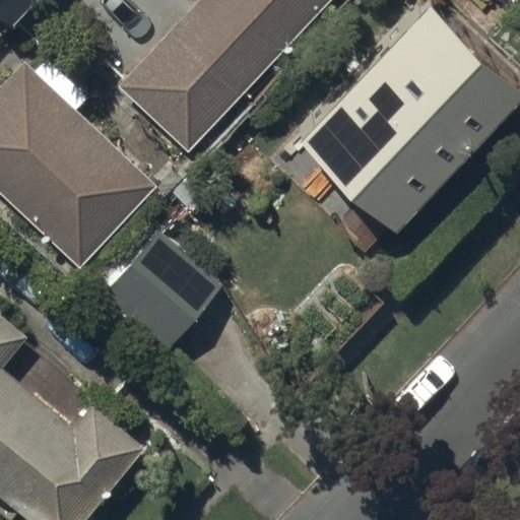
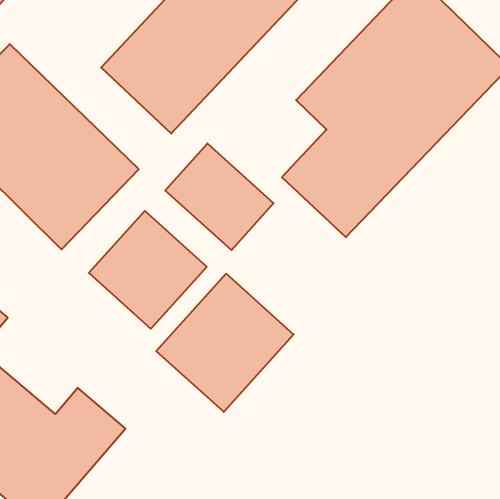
building: none -> [165,143,274,250]
building: none -> [156,274,294,412]

